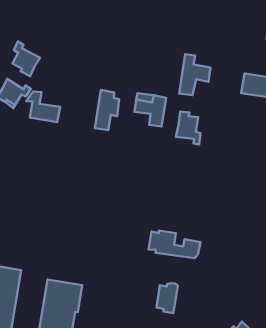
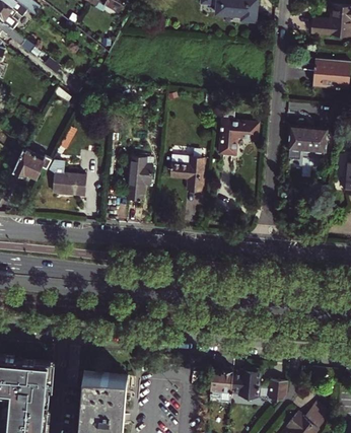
building: [13,42,40,76] -> none
building: [176,111,200,144] -> none
building: [149,230,200,258] -> [230,370,288,399]

